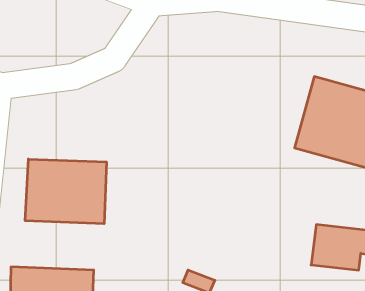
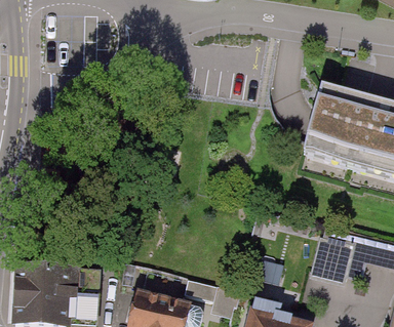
building: [25,159,106,224] -> none

